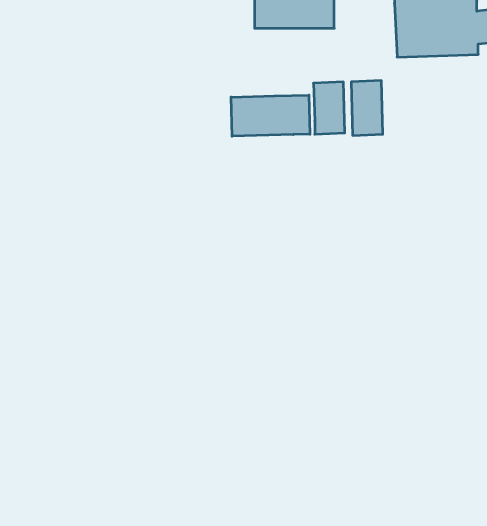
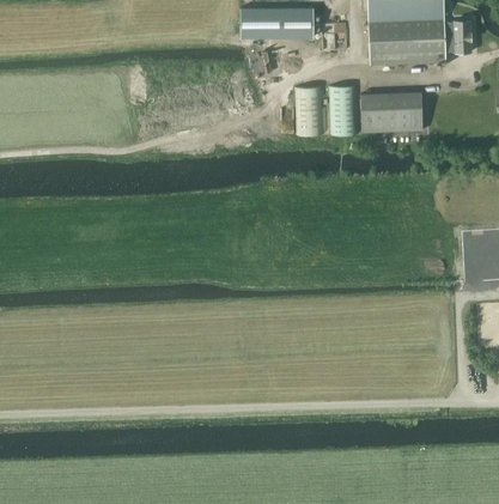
building: none -> [360,91,422,133]
building: [231,95,310,136] -> none

